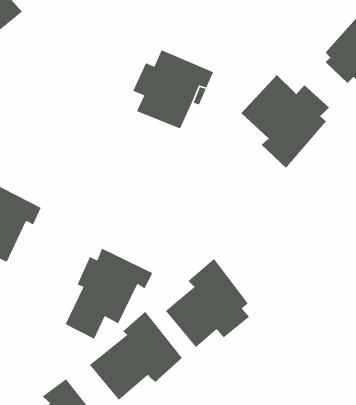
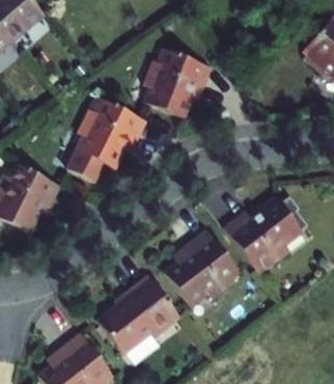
building: [240,74,330,169] -> none
building: none -> [221,197,309,274]
building: [64,247,153,340] -> [67,101,144,181]

